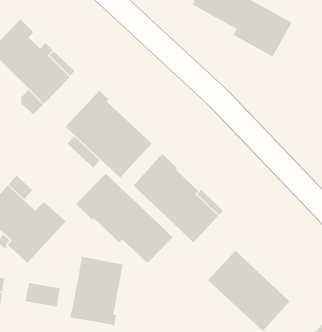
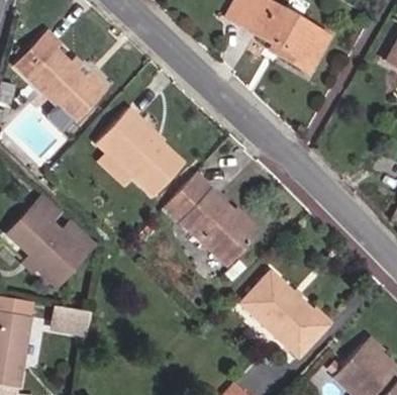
building: [75,173,174,264] -> none
building: [70,256,123,326] -> none

